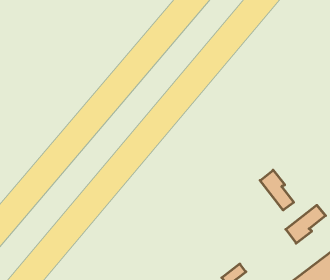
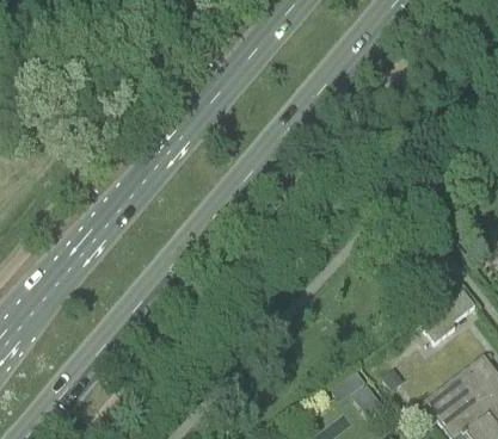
building: [260,170,294,210] -> none

